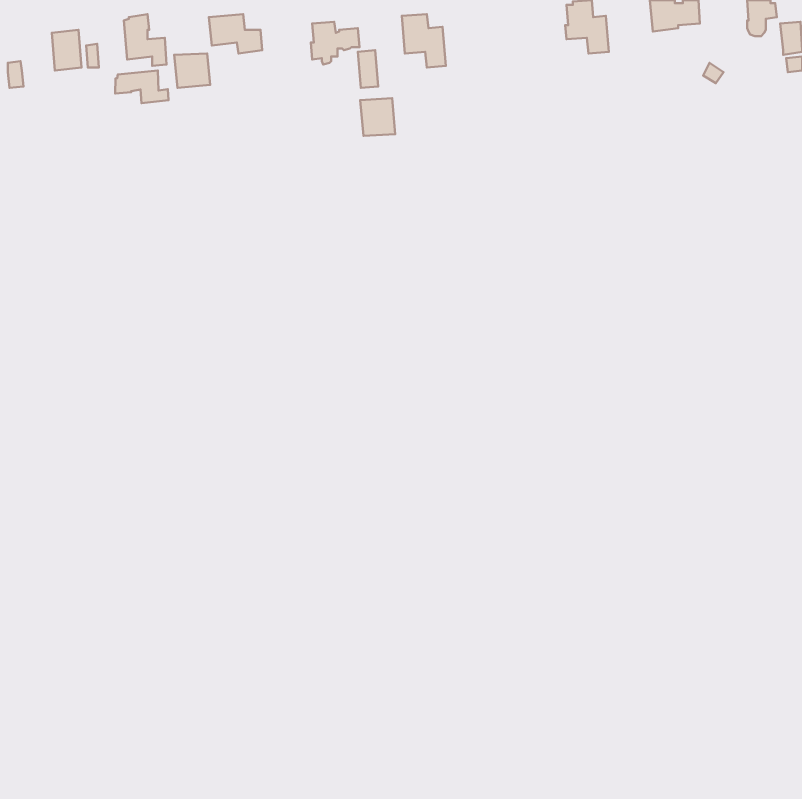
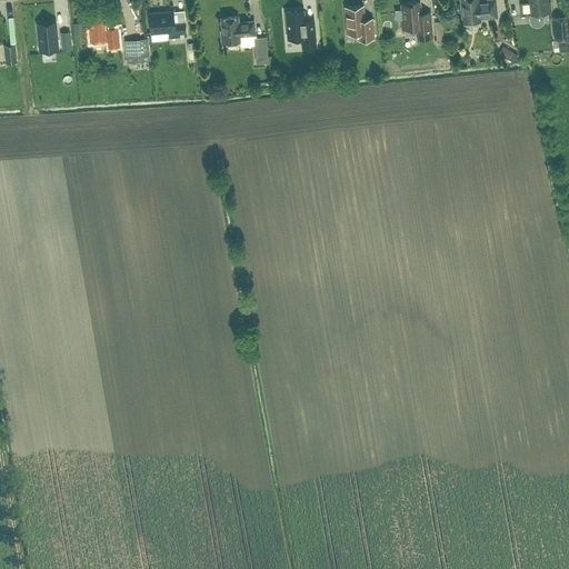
building: none -> [345,7,373,41]
building: [115,71,169,103] -> none
building: [360,98,395,136] -> none

